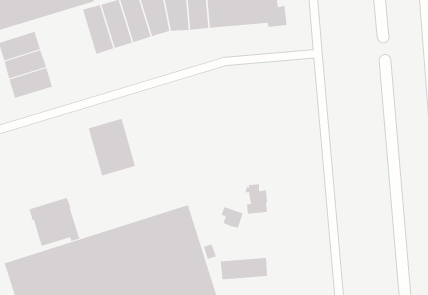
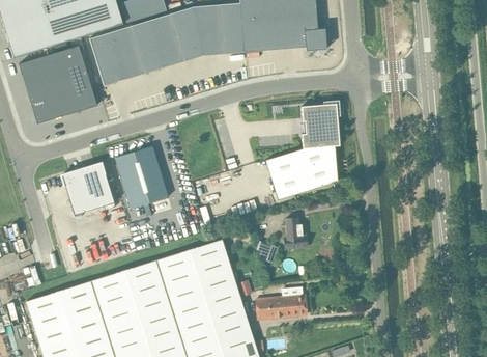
building: none -> [90,32,124,86]
building: none -> [60,49,98,114]
building: none -> [265,104,340,200]
building: [28,197,80,247] -> [61,162,116,215]

